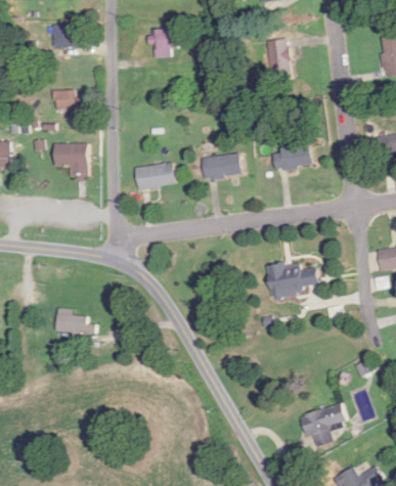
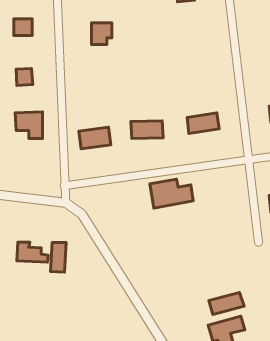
building: [267,40,289,81] -> none
building: [265,260,320,297] -> [150,179,193,208]
building: none -> [51,242,66,272]
building: none -> [209,292,244,314]

